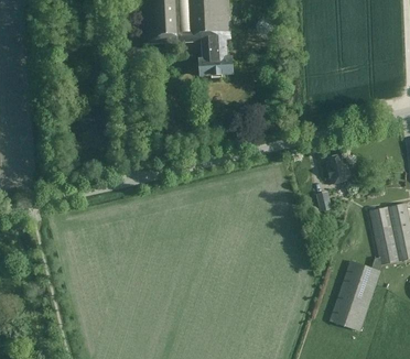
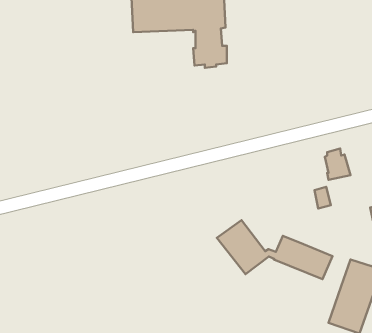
building: none -> [217,220,332,279]

